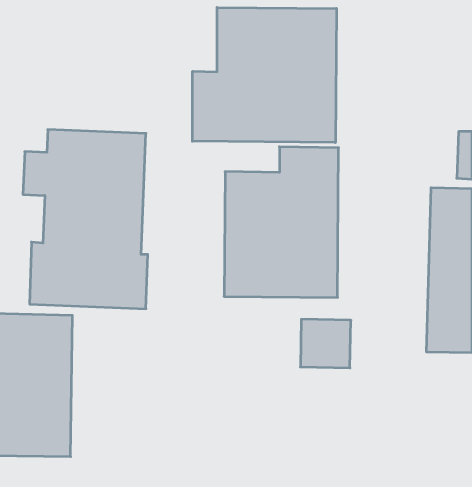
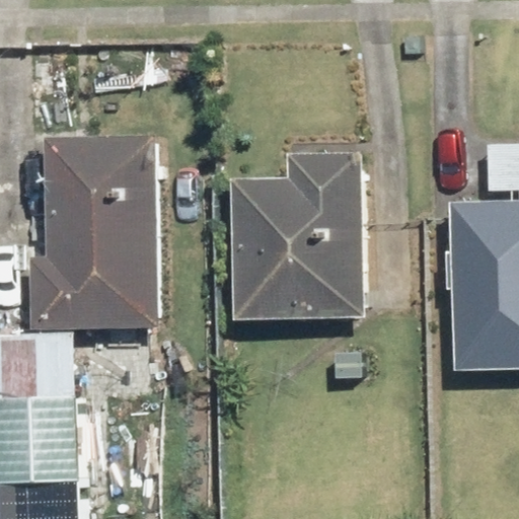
building: [192,7,336,143] -> none

